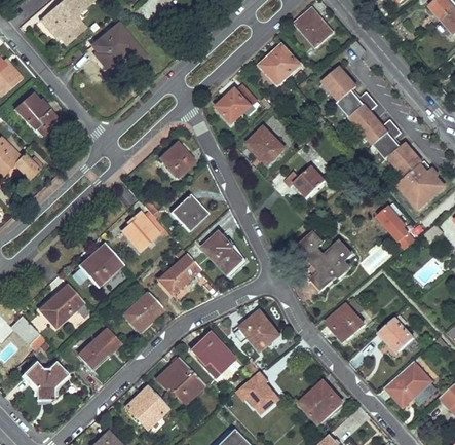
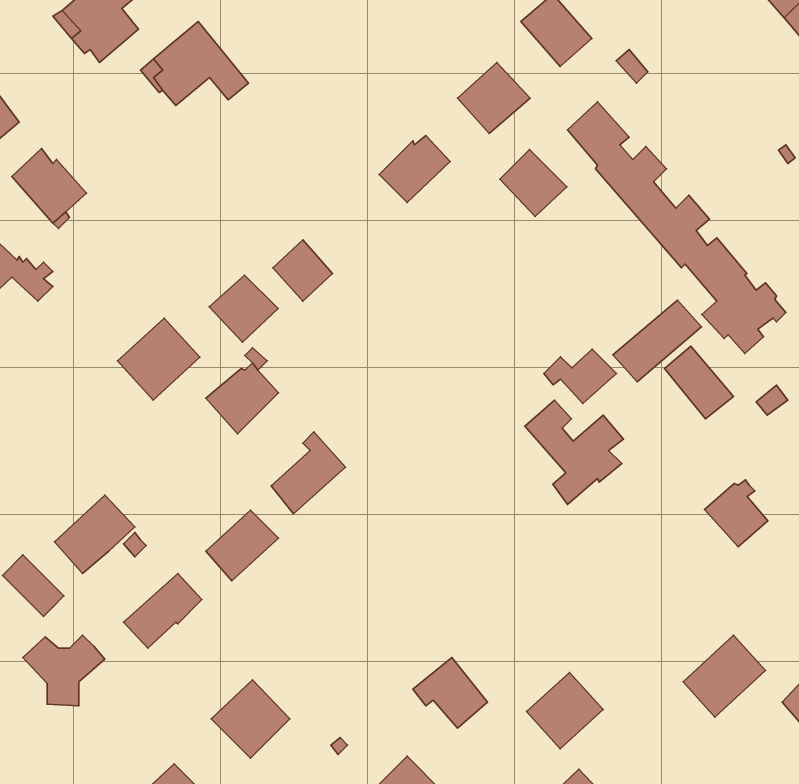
building: [248,126,285,163] -> [500,149,567,217]
building: [285,166,325,196] -> [544,349,616,403]
building: none -> [613,300,702,382]
building: [169,194,207,231] -> [209,275,278,342]
building: [202,231,241,273] -> none
building: [77,243,122,288] -> [118,318,200,400]
building: [327,299,364,340] -> none
building: [240,310,279,350] -> none
building: [378,316,413,353] -> [704,480,768,547]
building: [191,332,234,372] -> none
building: [158,357,203,403] -> none

